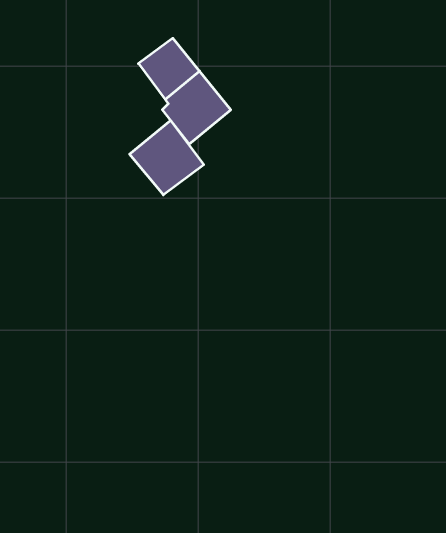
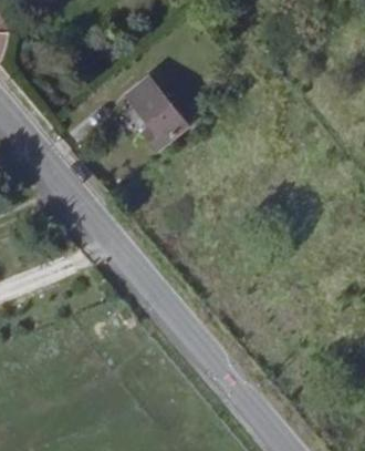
building: [130,121,204,195] -> none

